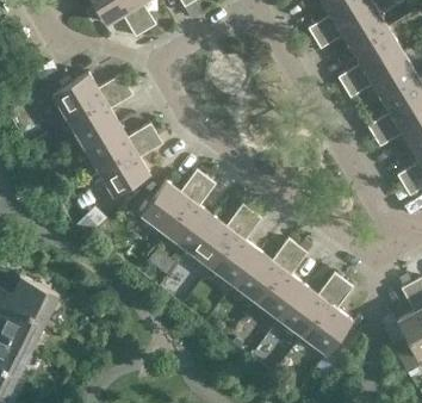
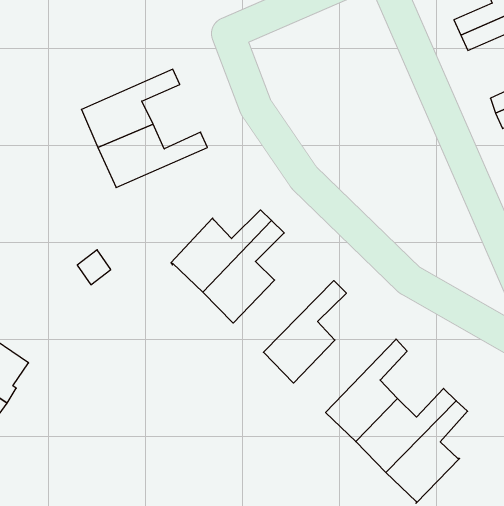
building: [52,74,126,120] -> none
building: [99,135,162,194] -> none
building: [188,206,252,266] -> none
building: [234,240,298,300] -> none

